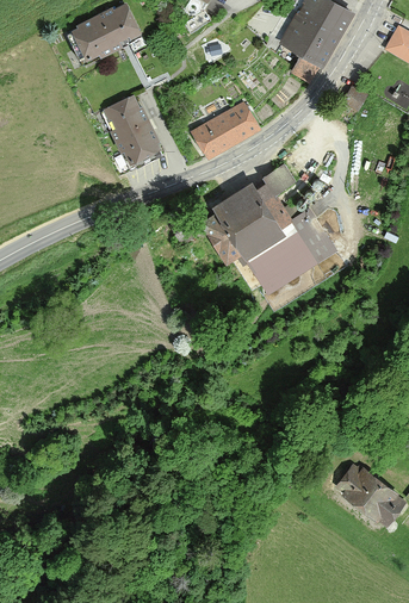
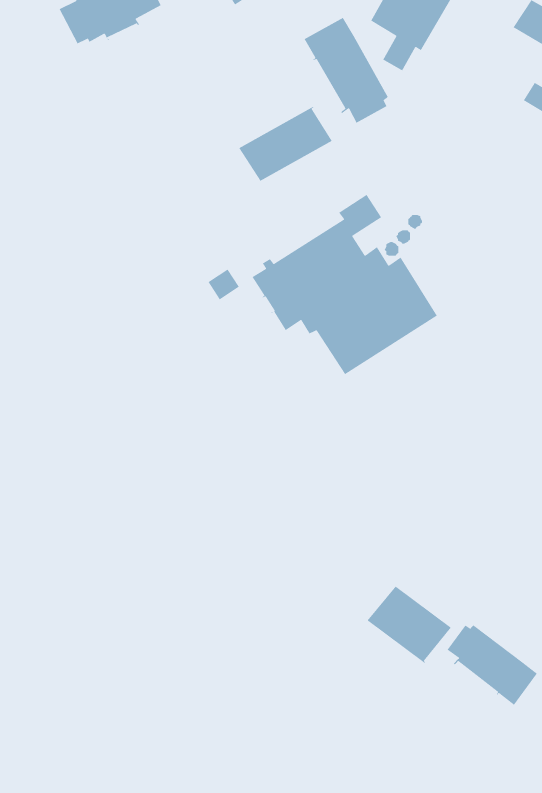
building: none -> [303,17,389,124]
building: [104,95,161,167] -> none
building: none -> [367,585,452,664]

